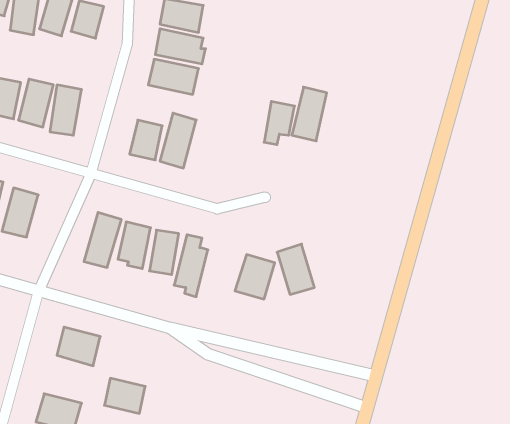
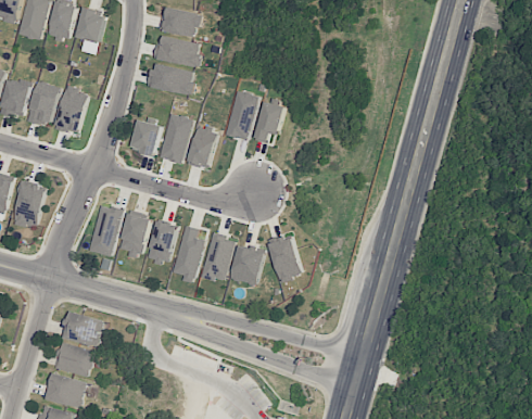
building: [292,87,327,141] -> [225,91,257,141]
building: none -> [187,126,217,169]
building: none -> [200,236,233,282]
building: [104,378,145,413] -> [55,343,93,376]

